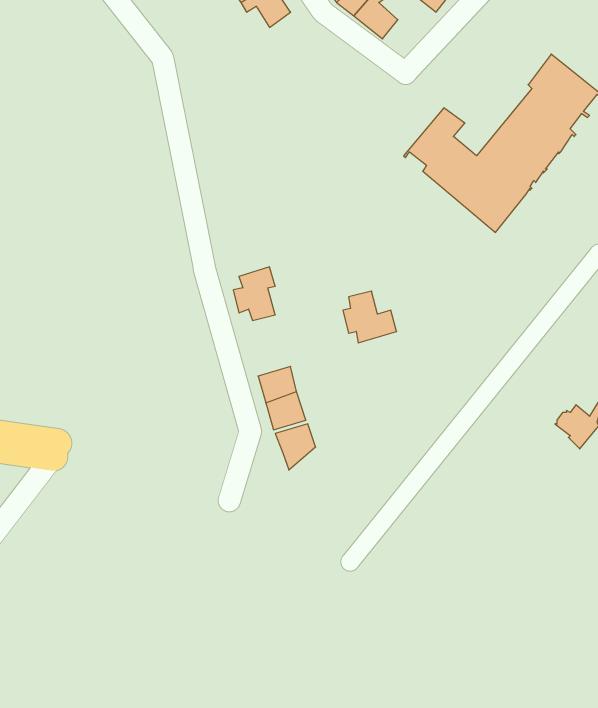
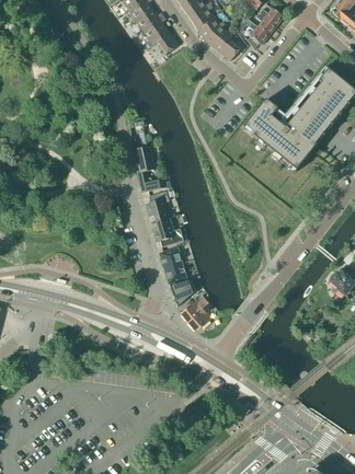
building: none -> [133,147,164,193]
building: [343,291,397,343] -> [152,218,183,247]
building: none -> [180,296,211,332]

